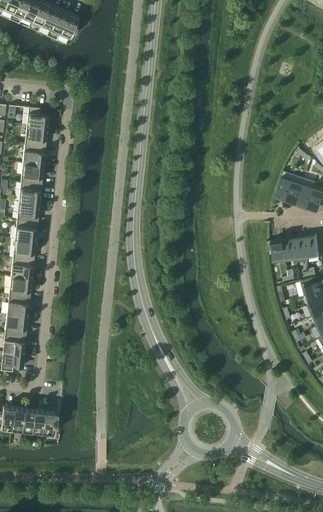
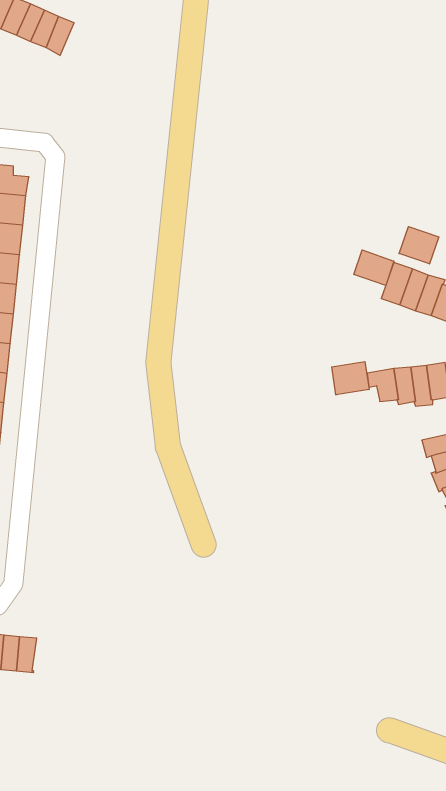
building: none -> [399,227,439,264]
building: none -> [354,250,394,285]
building: none -> [332,362,369,395]

